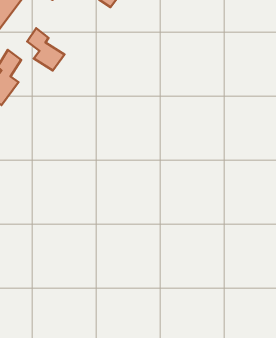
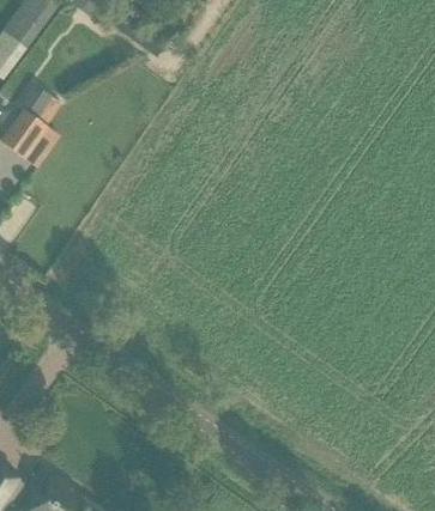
building: [27,28,64,71] -> none

